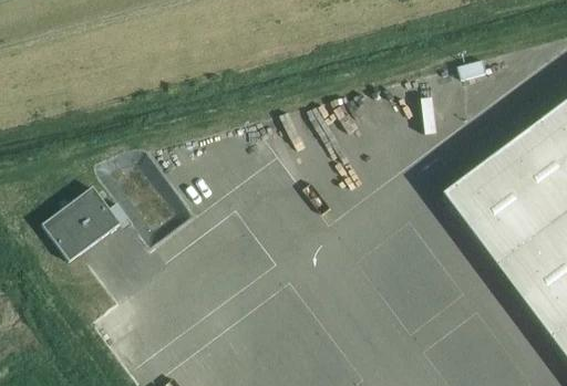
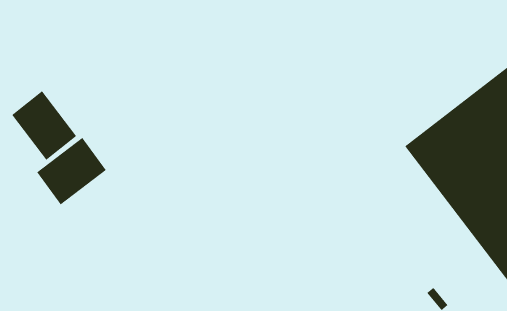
building: none -> [11,90,77,161]

